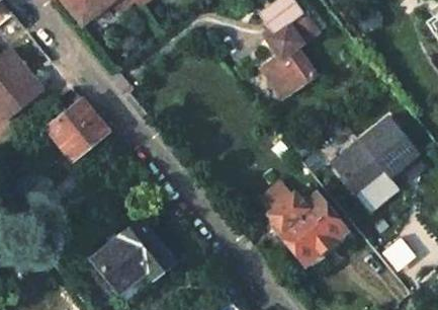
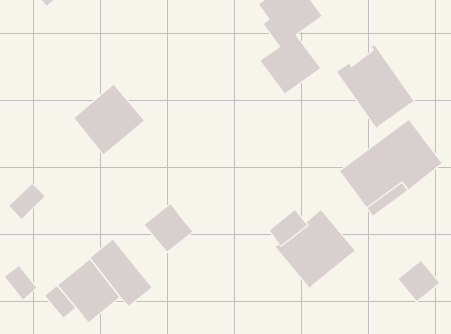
building: none -> [336,45,415,129]
building: [48,99,108,160] -> [74,84,145,155]
building: none -> [144,203,193,253]

